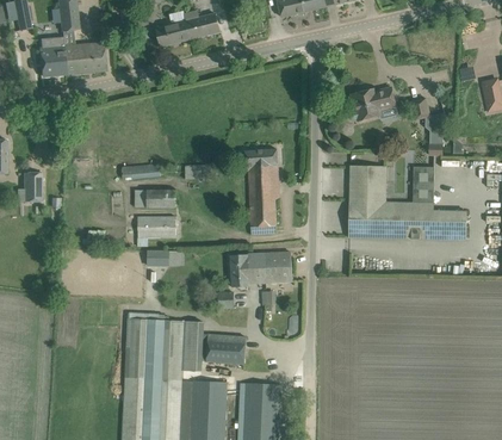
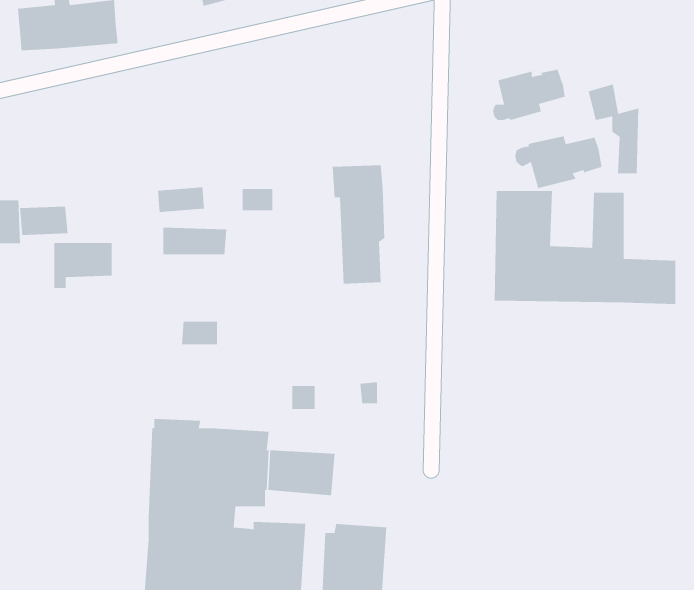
building: none -> [515,135,602,189]
building: none -> [19,206,68,236]
building: [137,216,175,246] -> [54,243,112,289]
building: [230,252,292,286] -> none

